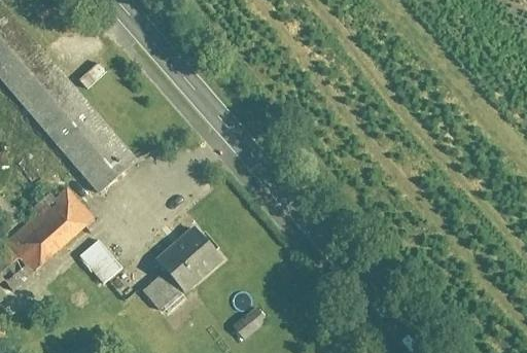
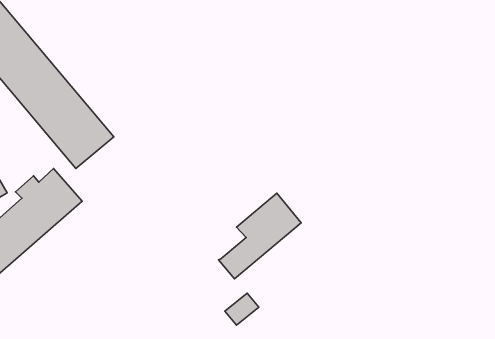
building: [140,226,220,310] -> [219,193,301,279]
building: [81,240,120,281] -> none

